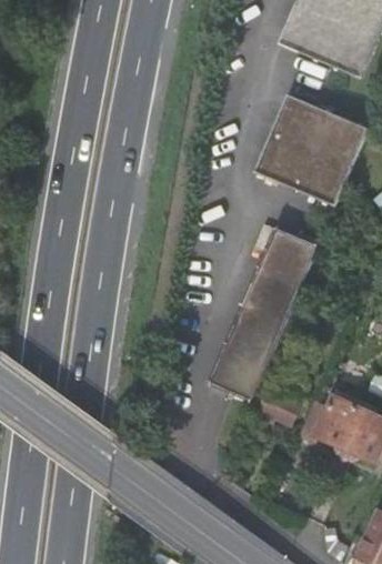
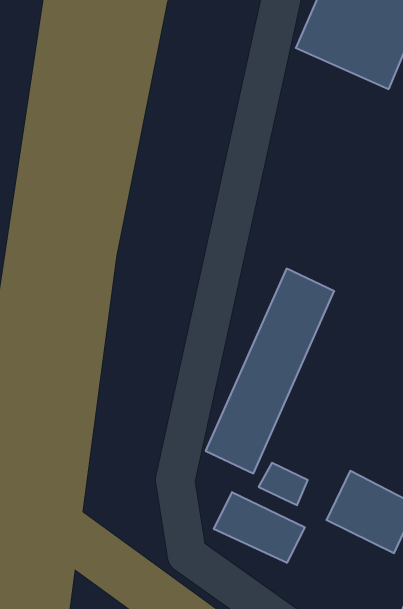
building: [259,93,369,210] -> none
building: none -> [214,492,305,563]

